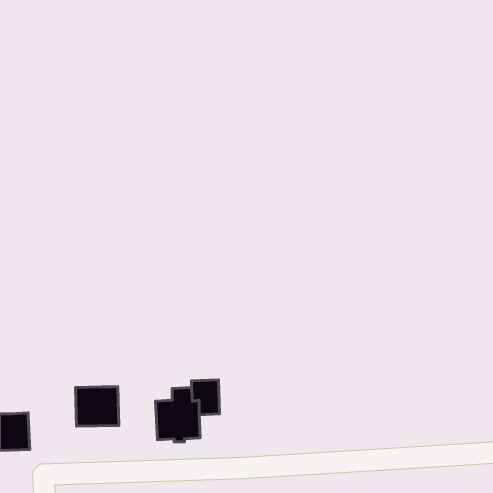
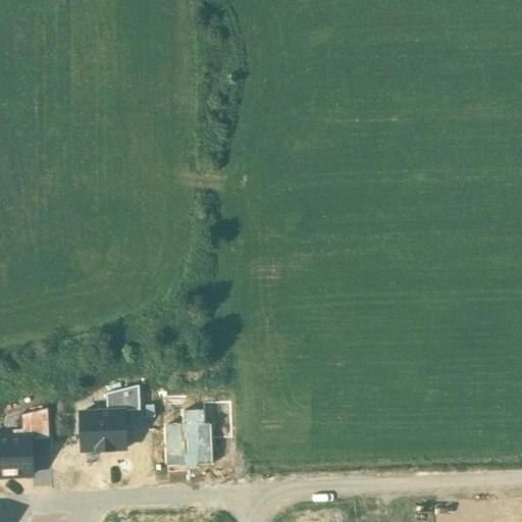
building: none -> [106,385,138,408]
building: none -> [10,407,49,439]

